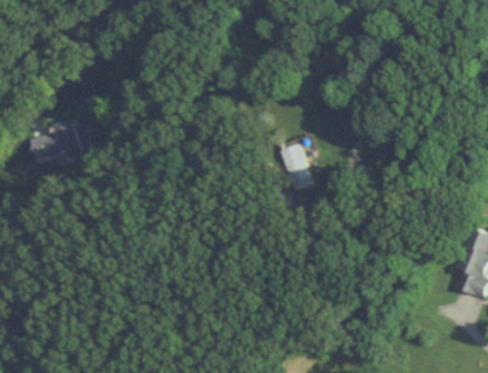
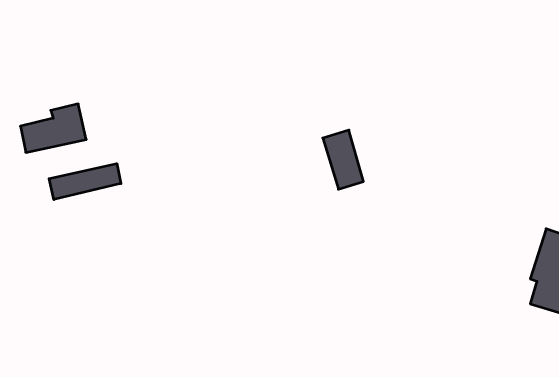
building: none -> [49,164,121,200]

